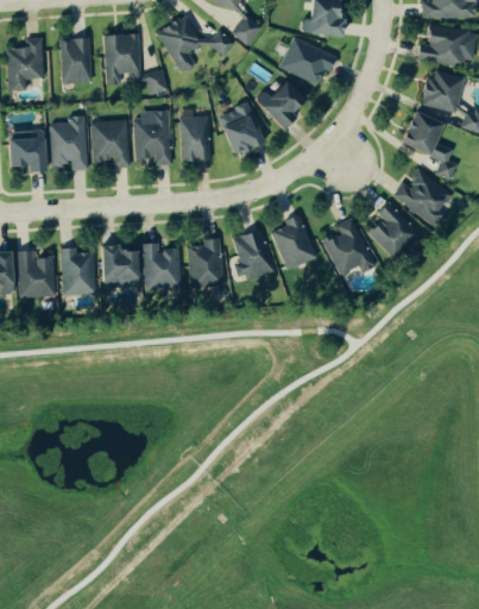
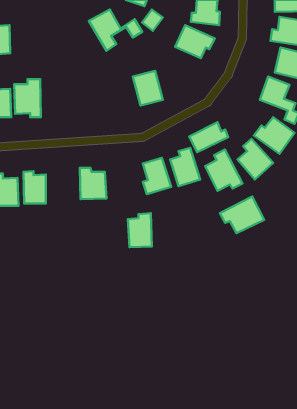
building: [103,34,165,94] -> none
building: [61,38,92,84] -> none
building: [257,80,303,128] -> none
building: [133,109,171,165] -> none
building: [179,111,210,161] -> none
building: [90,120,128,168] -> none
building: none -> [189,122,228,152]
building: [188,238,222,287] -> [128,213,152,247]
building: [101,244,138,287] -> none
building: none -> [220,196,264,233]

